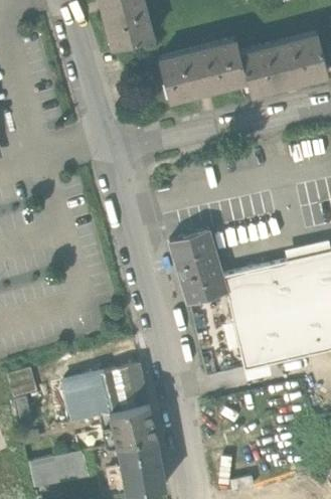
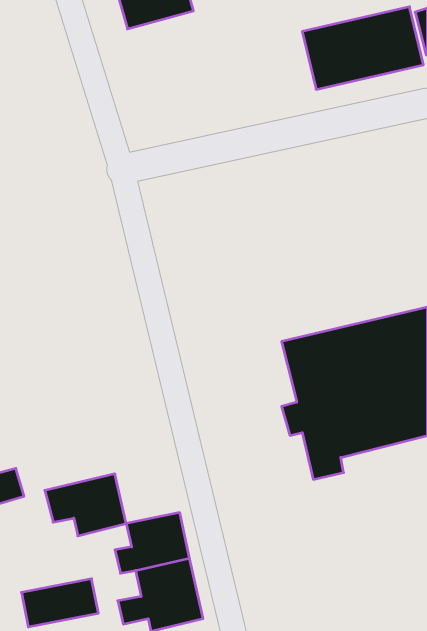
building: [166,39,246,101] -> none
building: [172,230,227,304] -> none
building: [102,366,149,410] -> none

